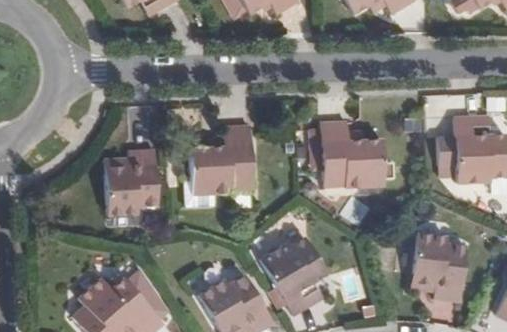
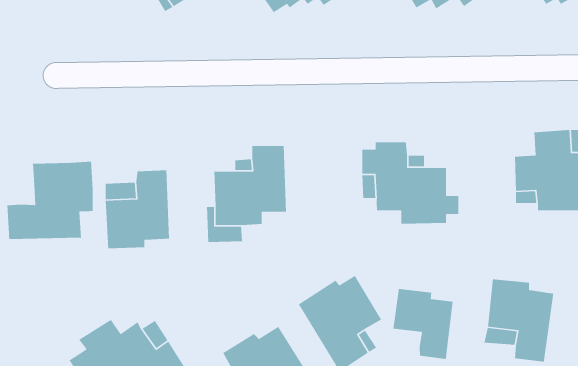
building: none -> [7,161,94,240]
building: none -> [393,288,453,360]

